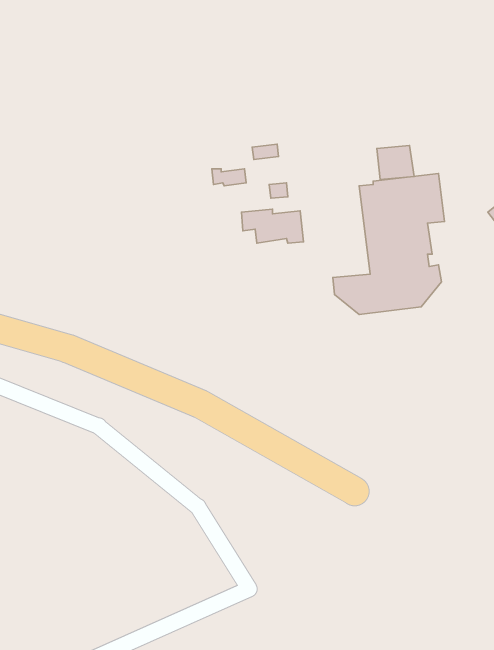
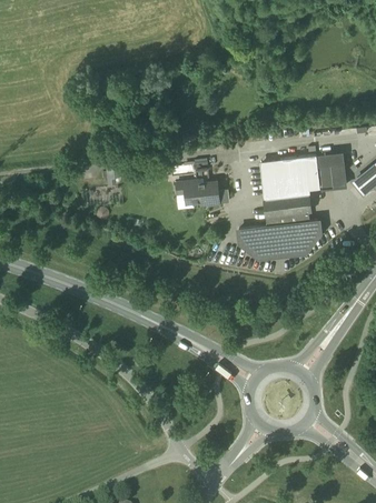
building: [377,145,414,179] -> [320,162,347,187]

